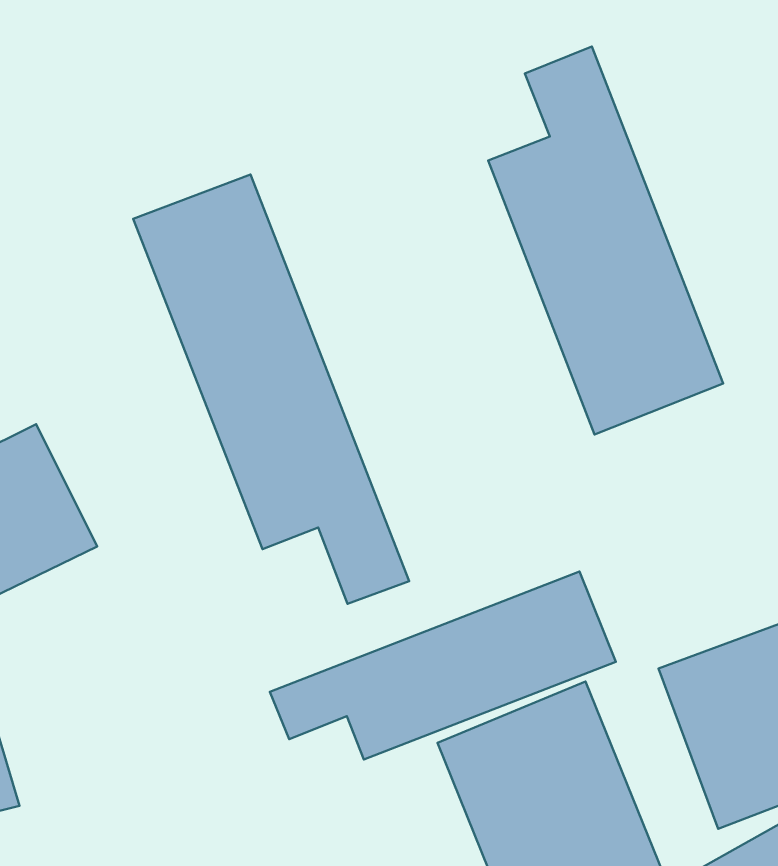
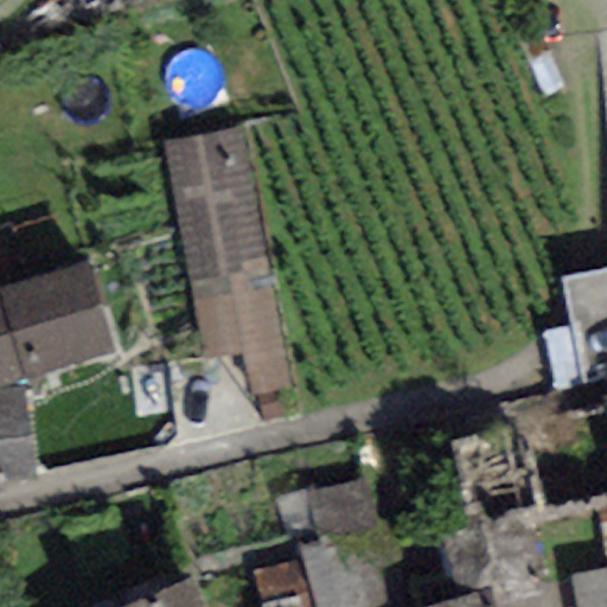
building: [488,46,723,434] -> none
building: [270,571,616,759] -> none

